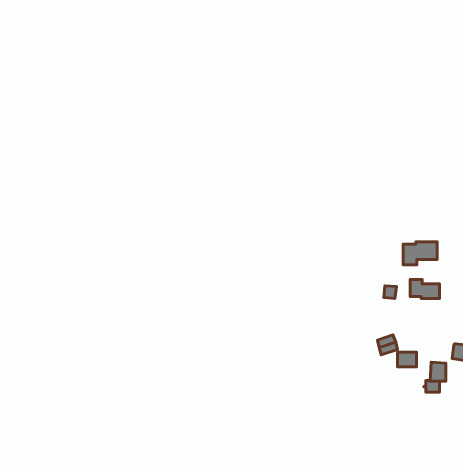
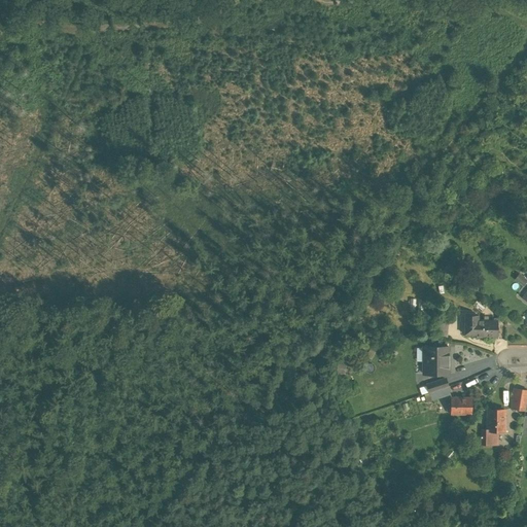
building: [403,242,437,265] -> none
building: none -> [426,348,451,375]

